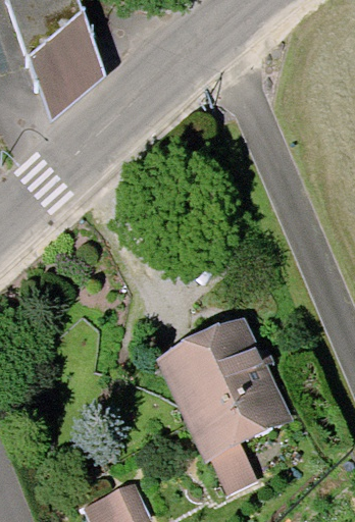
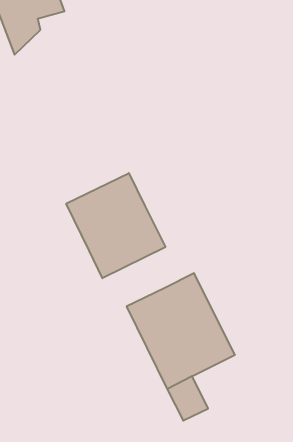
building: none -> [66,173,165,278]

